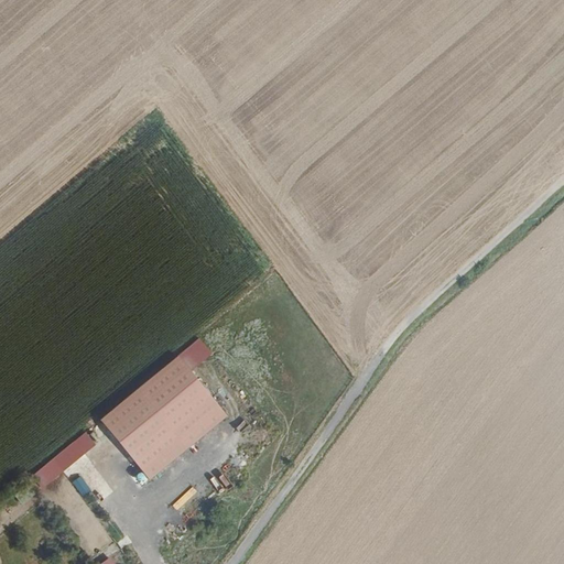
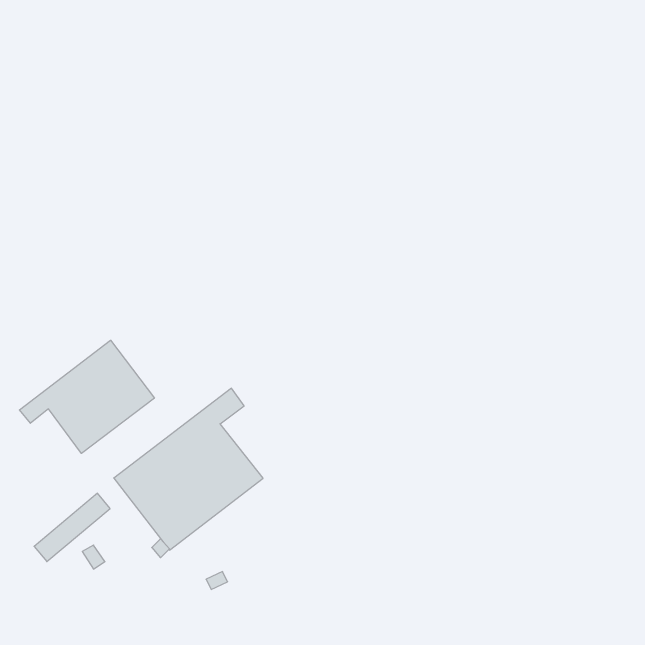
building: none -> [19,340,154,453]

